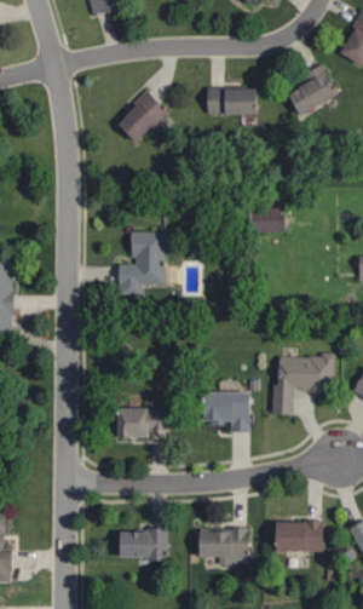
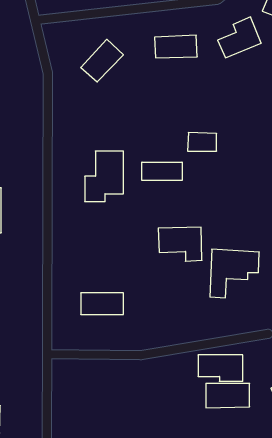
building: none -> [142,162,182,180]
building: [197,391,252,433] -> [158,227,202,261]
building: [114,530,169,562] -> none
building: [195,530,250,563] -> [198,355,243,381]

